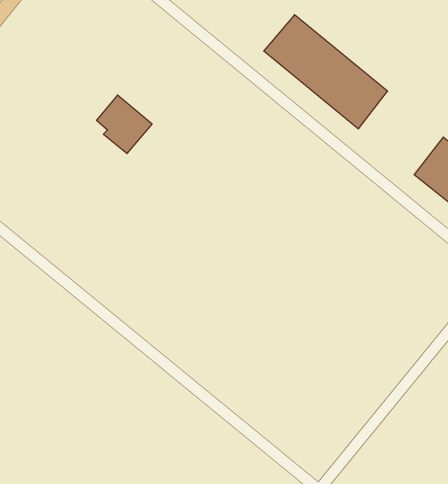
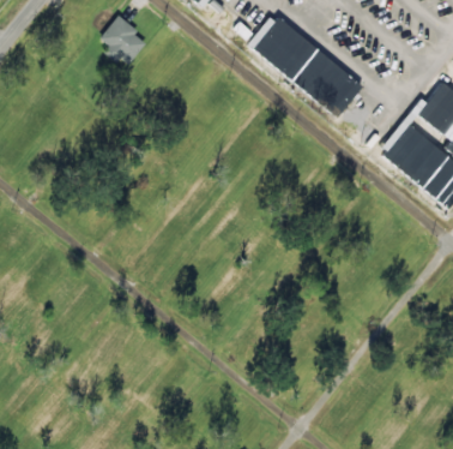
building: [96,95,152,154] -> [97,14,145,65]

